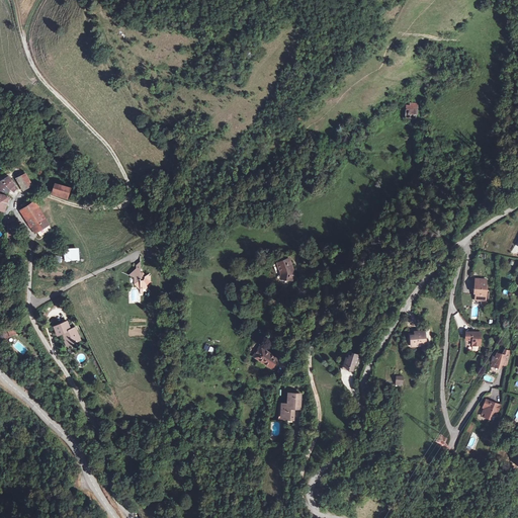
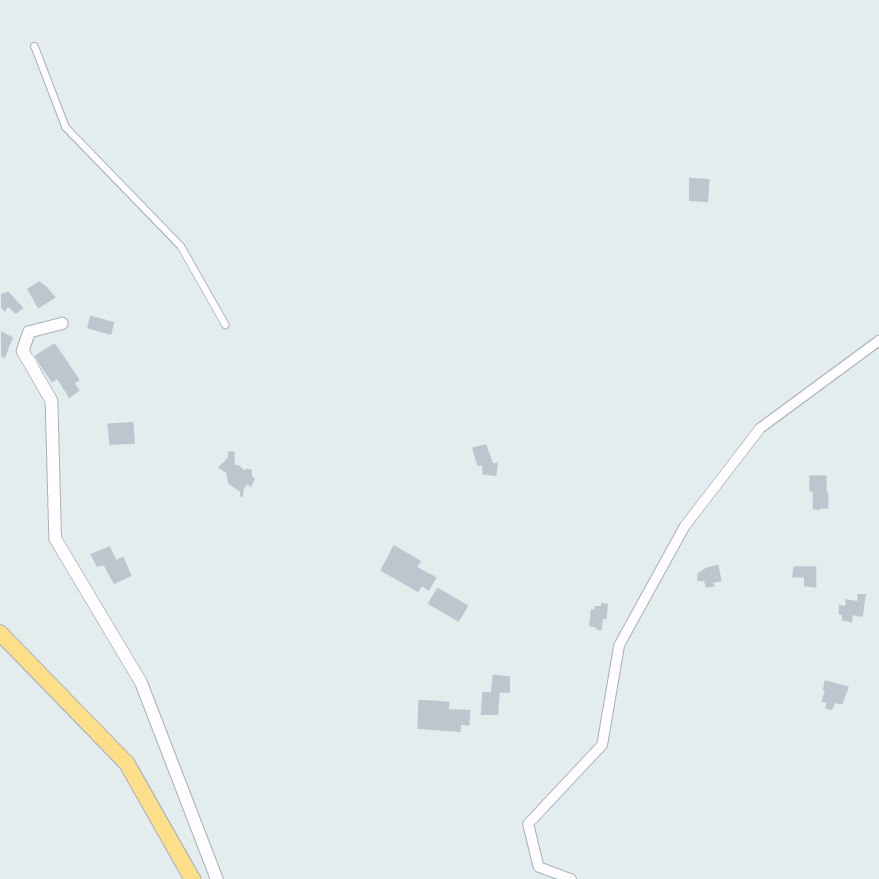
building: none -> [379,544,438,593]
building: none -> [417,699,471,733]

